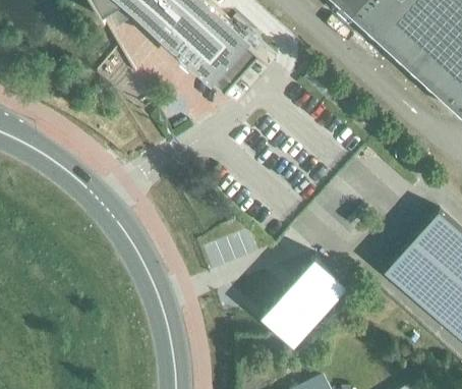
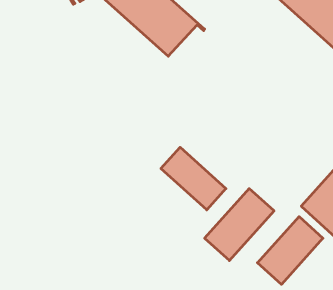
building: none -> [161,147,226,210]
building: none -> [257,217,323,284]

